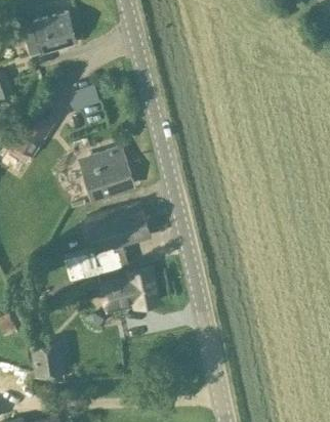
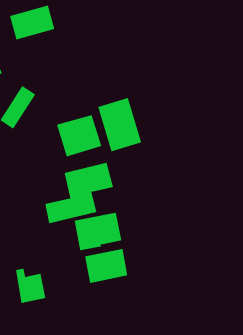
building: [65,83,100,112] -> none
building: none -> [97,97,142,152]
building: none -> [85,248,128,284]

